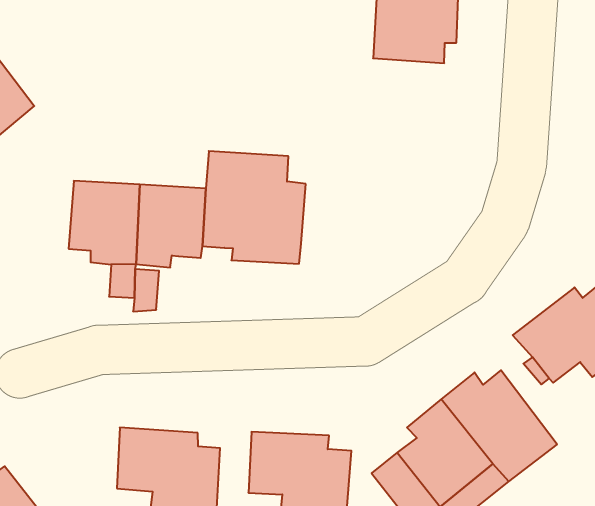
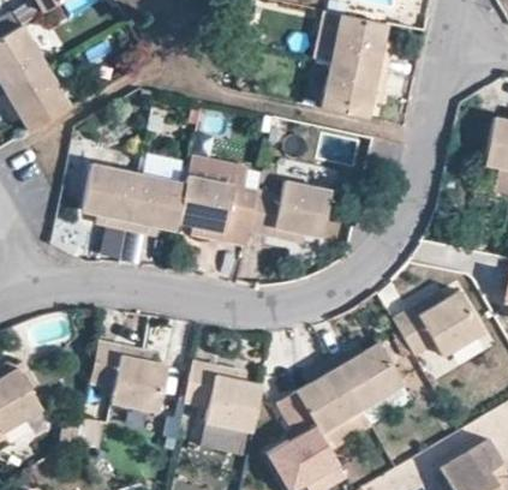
building: none -> [249,178,333,243]

